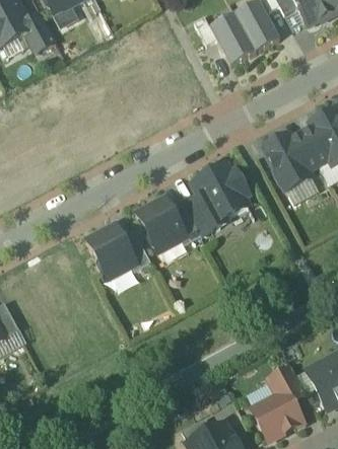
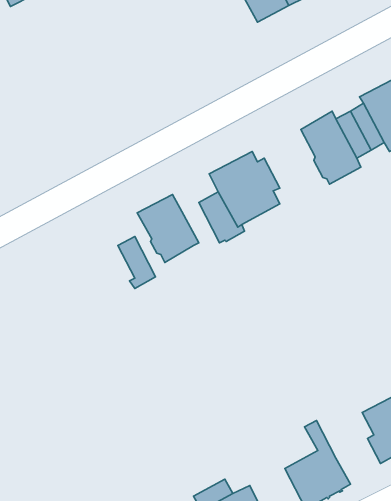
building: [172,204,201,244] -> none
building: [87,224,135,277] -> none
building: [276,366,306,402] -> none

